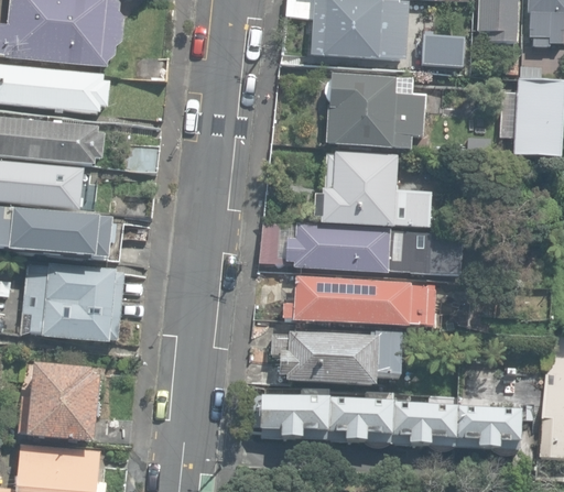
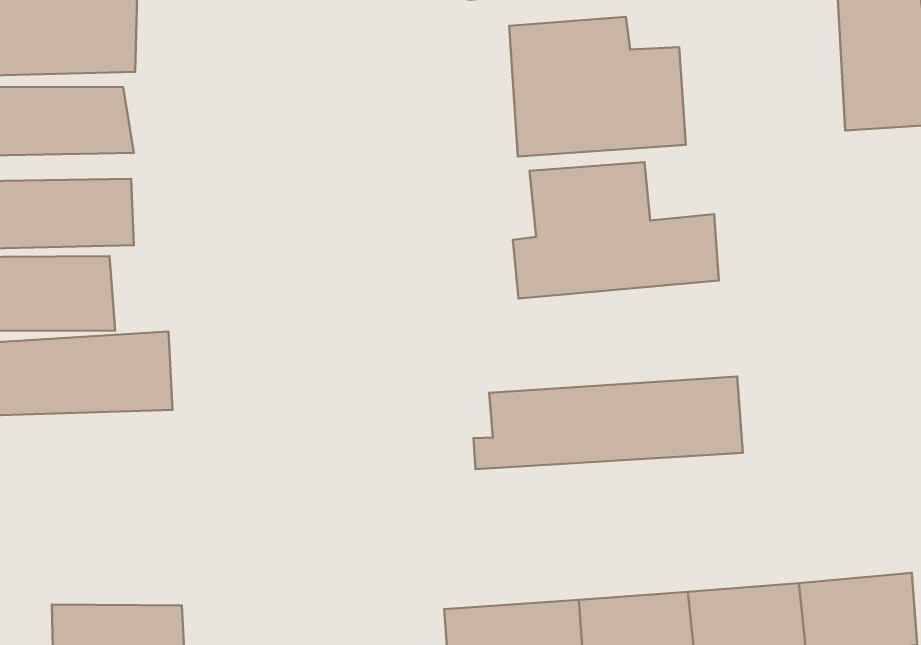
building: [284,225,459,274] -> none
building: [21,274,126,340] -> none
building: [268,326,397,390] -> none

